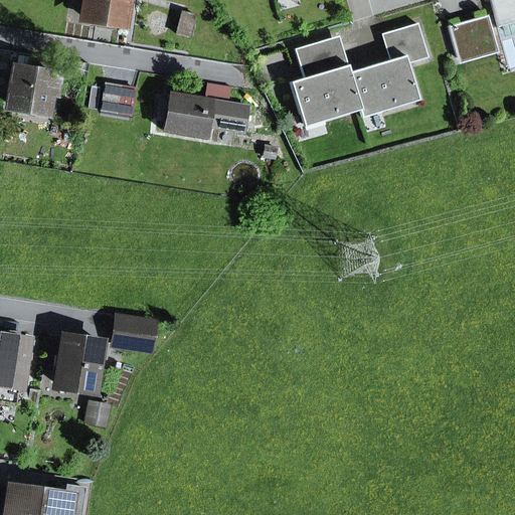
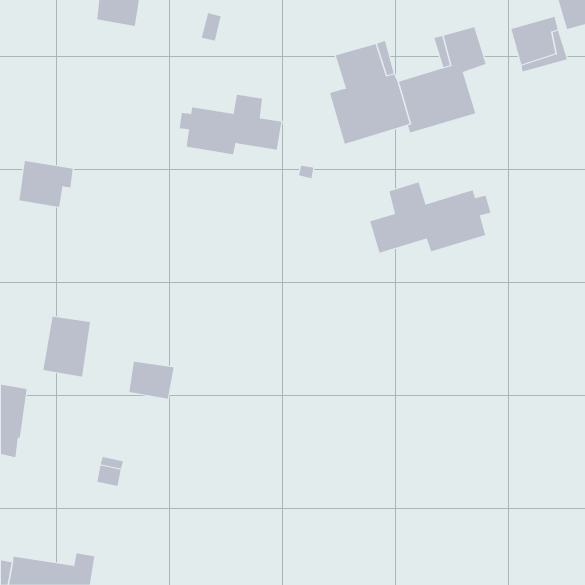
building: [10,68,58,110] -> [18,160,74,207]
building: [102,83,136,115] -> none
building: none -> [370,182,491,254]
building: [57,336,100,389] -> [43,316,91,377]

